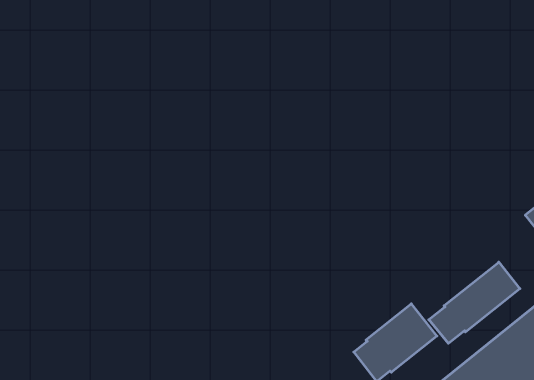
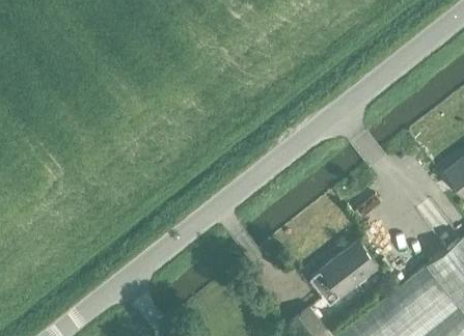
building: [429,262,520,343] -> none

